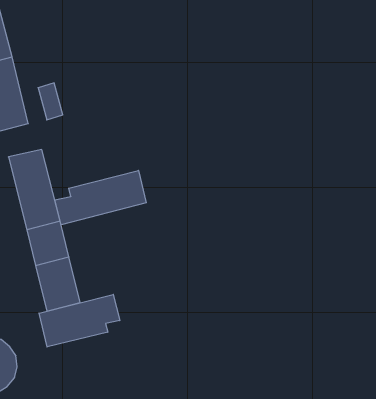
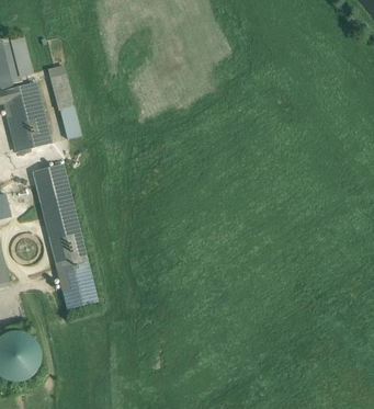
building: none -> [50,73,73,110]
building: [55,170,146,225] -> none
building: [39,294,120,347] -> none

